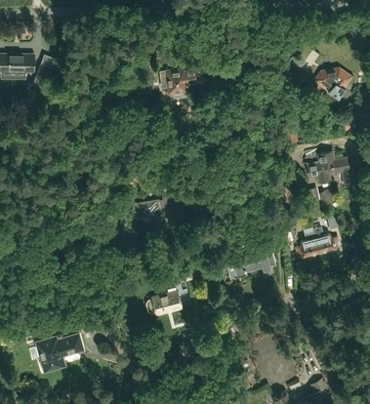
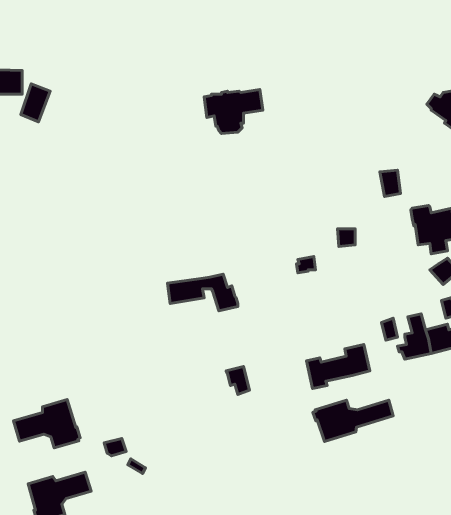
building: none -> [14,400,80,448]
building: none -> [313,400,393,441]
building: [146,290,181,315] -> none

